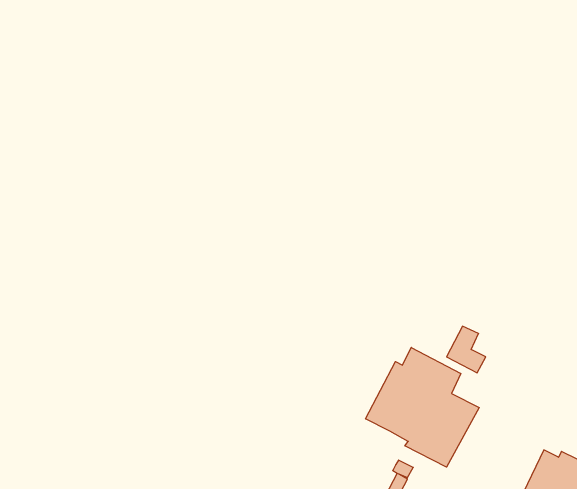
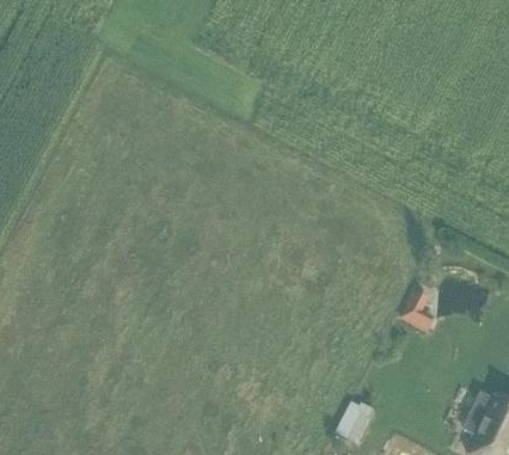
building: [366,347,479,467] -> none

